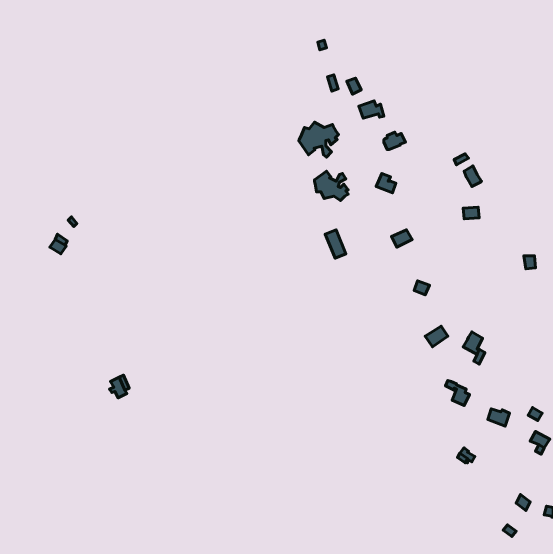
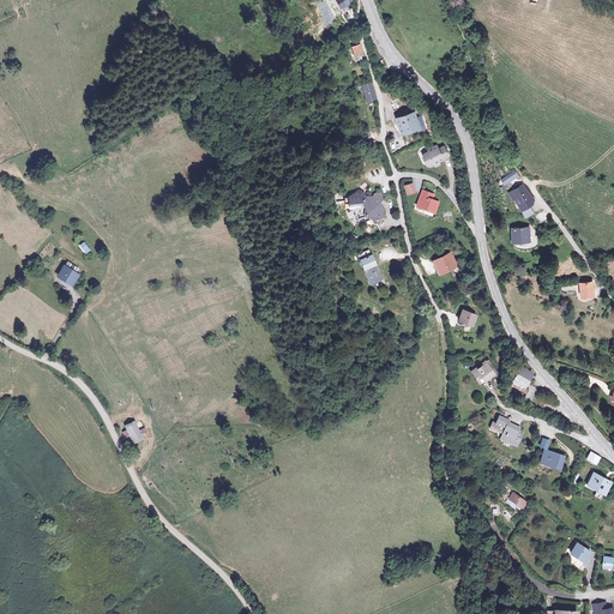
building: [299,122,339,157] -> none

